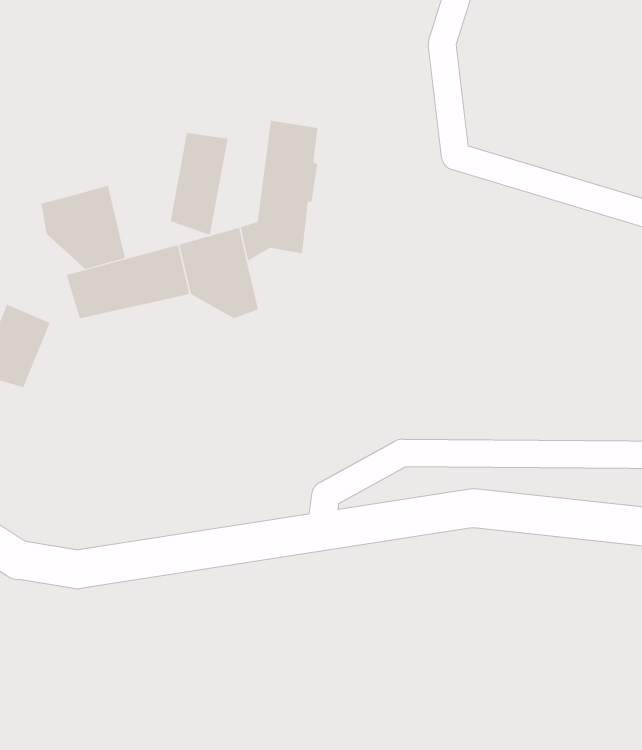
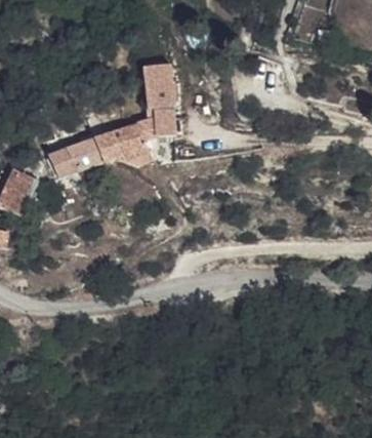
building: [170,132,228,236] -> none
building: [41,185,126,270] -> none

